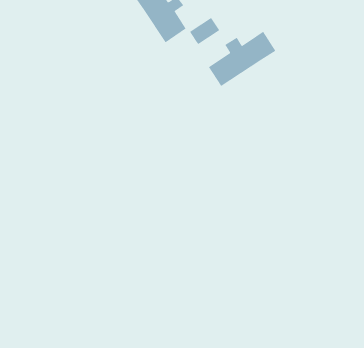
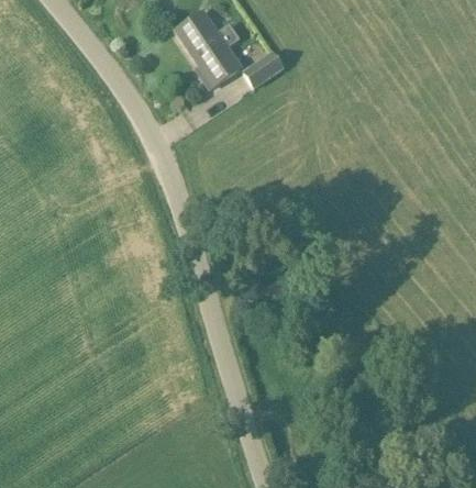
building: [208,31,276,87] -> none

